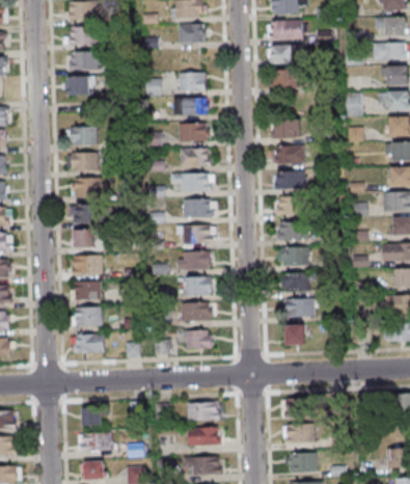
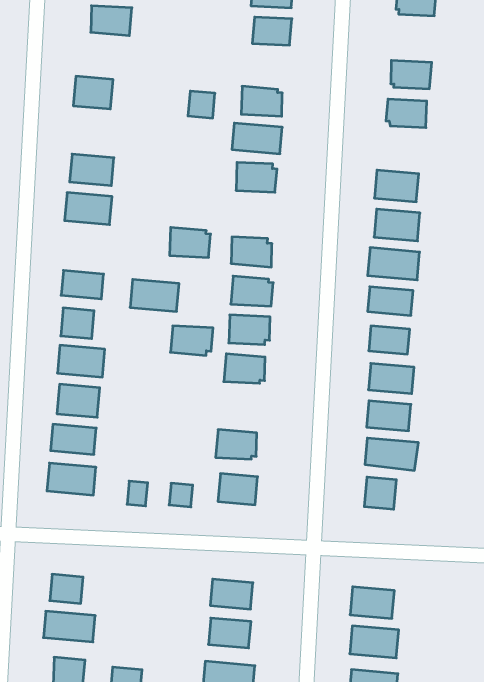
building: [279,22,306,41] -> none
building: [74,52,101,71] -> none
building: [180,147,207,166] -> [170,227,211,257]
building: [70,179,101,197] -> [130,279,179,311]
building: [184,276,211,295] -> [170,326,213,355]

